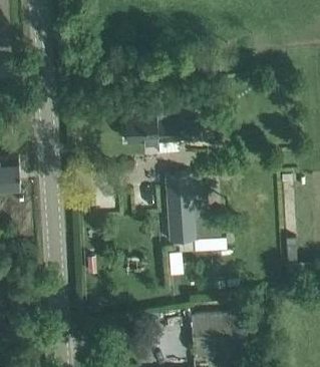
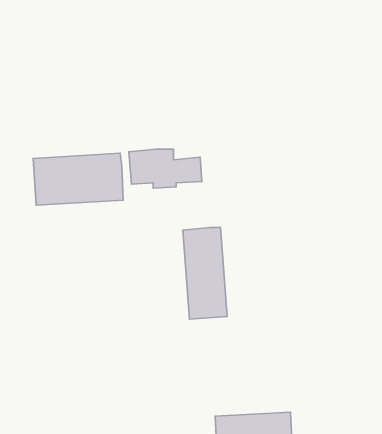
building: none -> [33,153,123,205]

